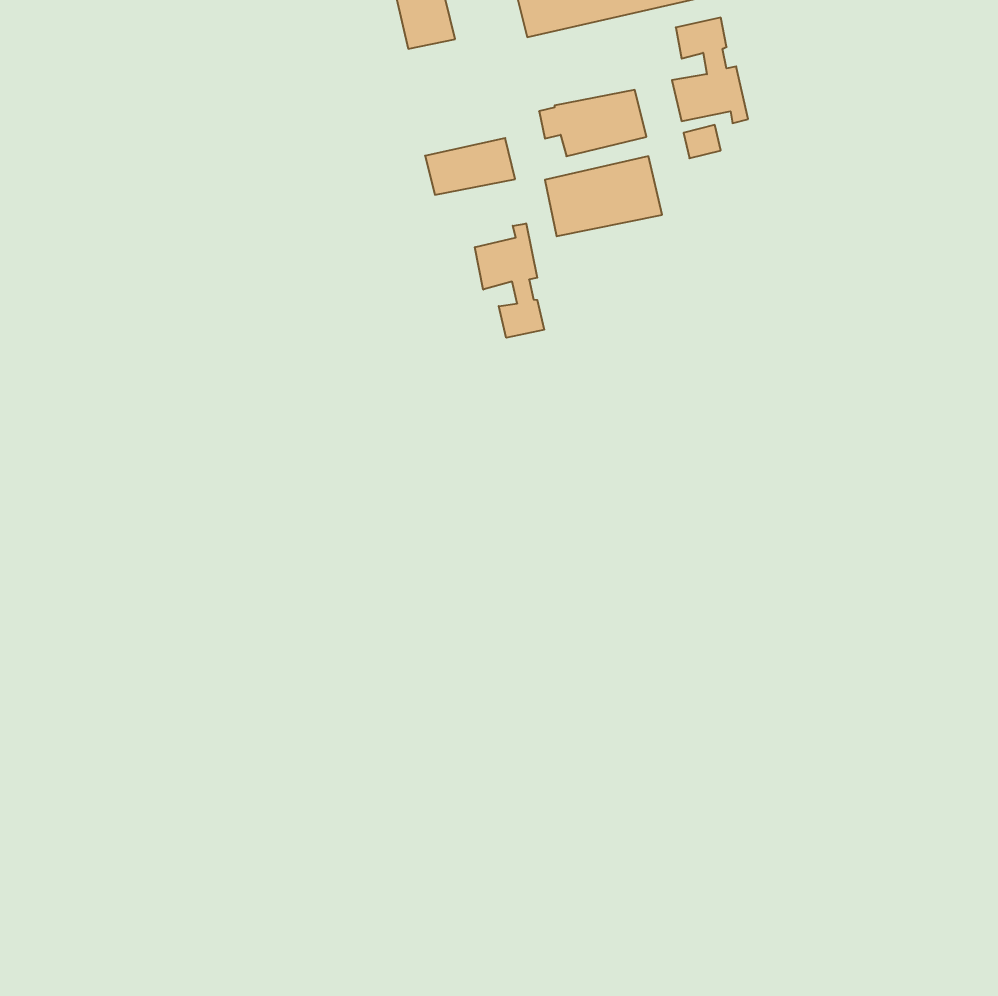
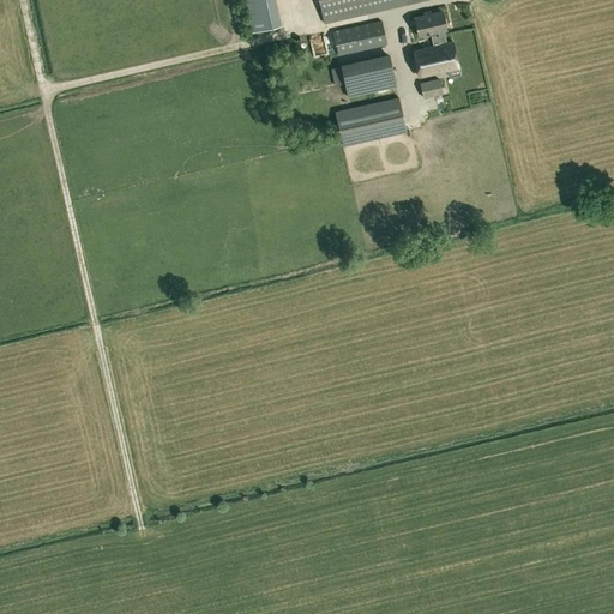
building: [425,138,515,195] -> [332,19,387,54]
building: [475,223,544,338] -> none

